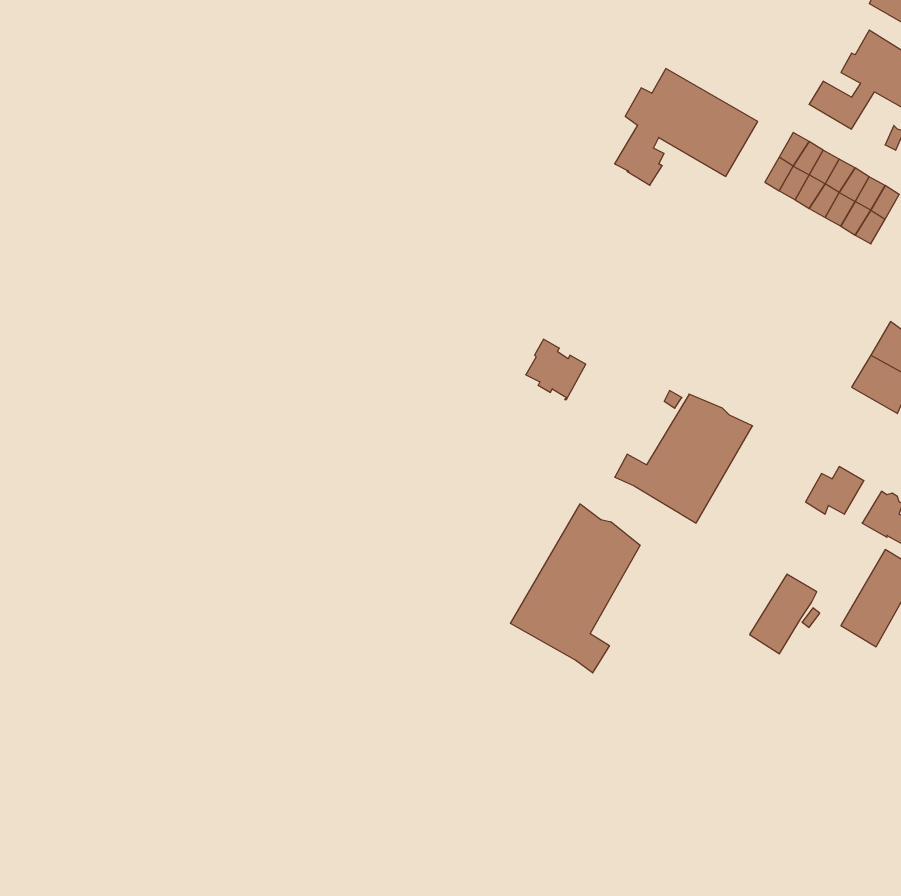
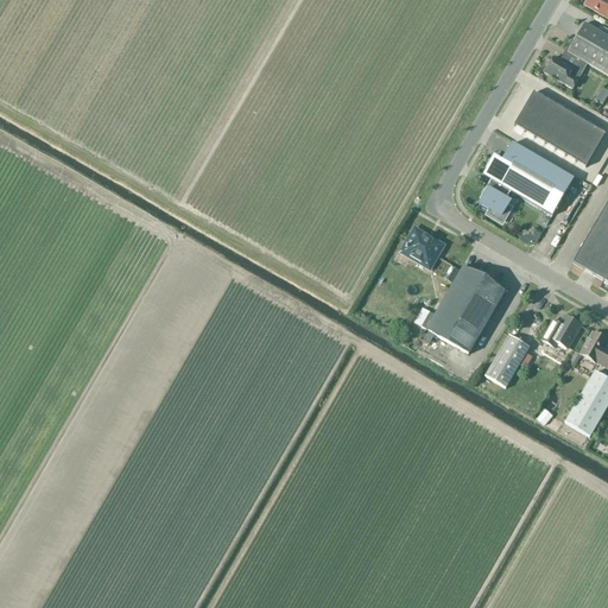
building: [615,69,758,185] -> [479,140,575,218]
building: [526,339,586,399] -> [404,226,444,266]
building: [510,504,640,673] -> none
building: [750,574,817,654] -> [486,332,531,386]

